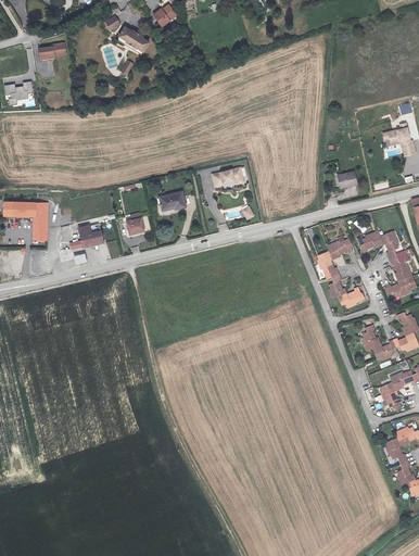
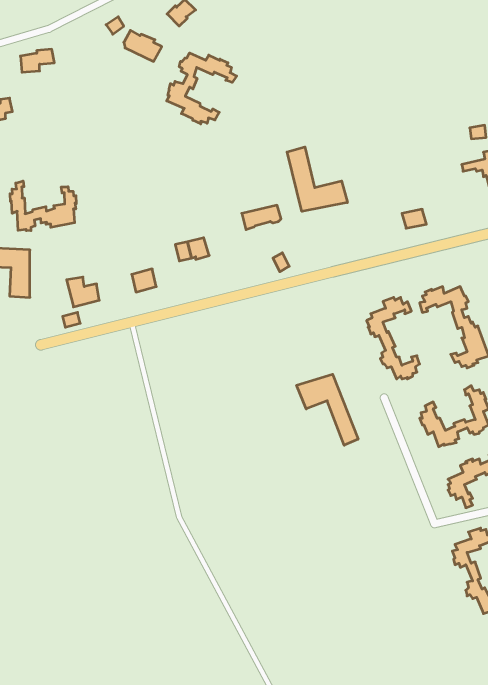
building: none -> [167,53,237,124]
building: none -> [287,147,347,211]
building: none -> [10,181,76,231]
building: none -> [297,374,358,445]

